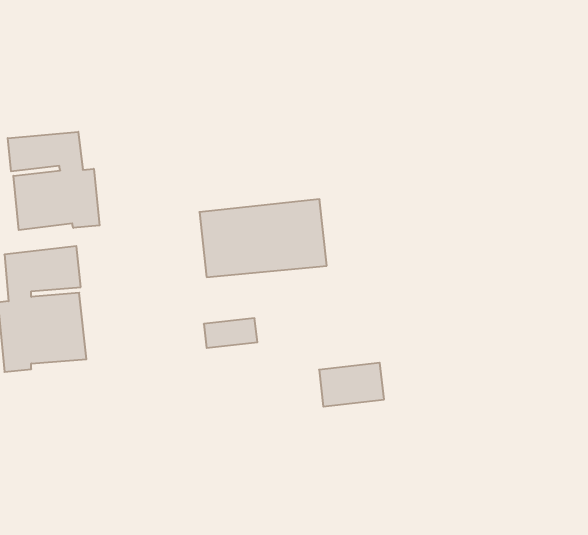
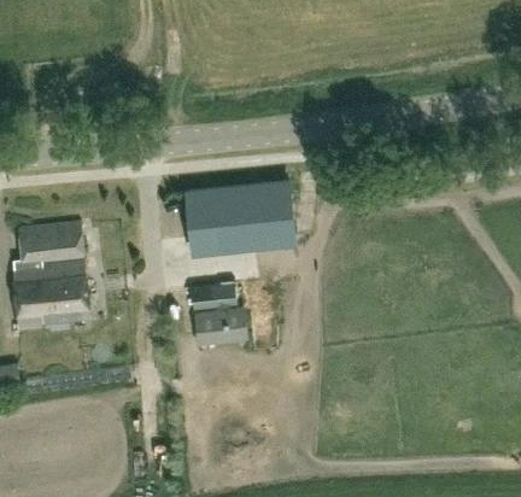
building: [8,132,100,230] -> none
building: [319,363,384,407] -> [193,308,248,345]

